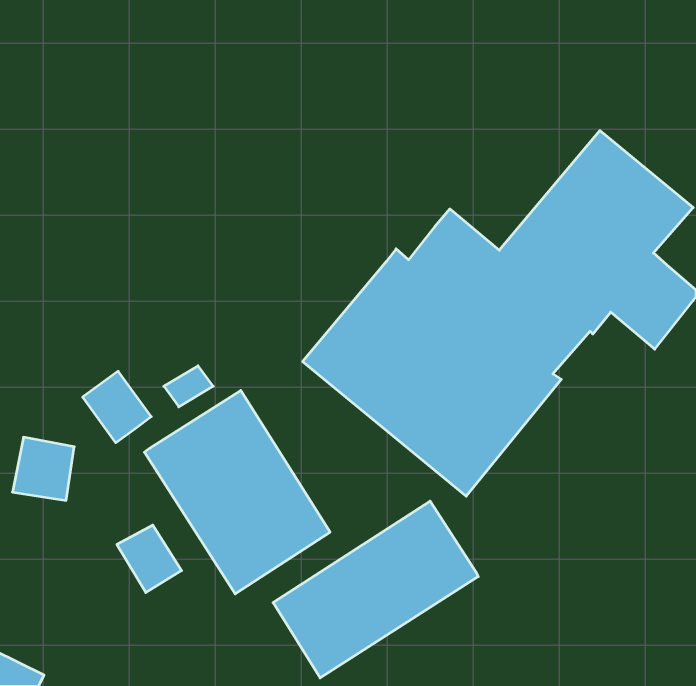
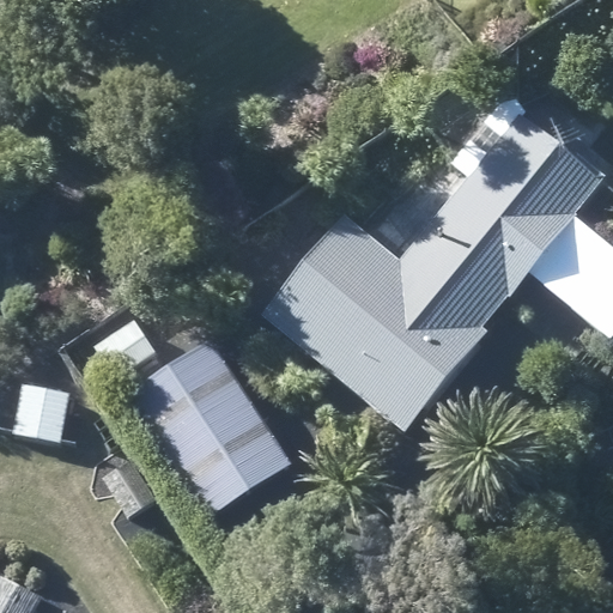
building: [273,501,478,678] -> none

